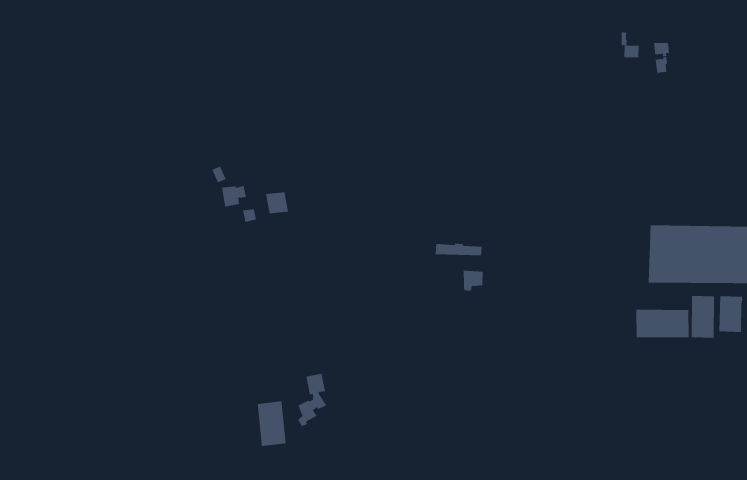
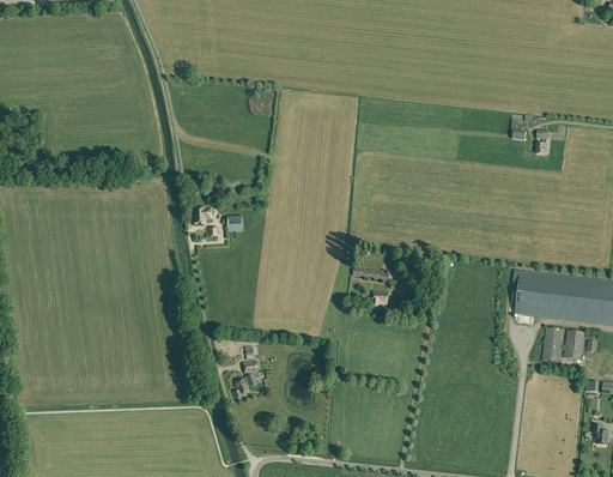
building: [636,309,689,338] -> none
building: [257,401,286,447] -> none

